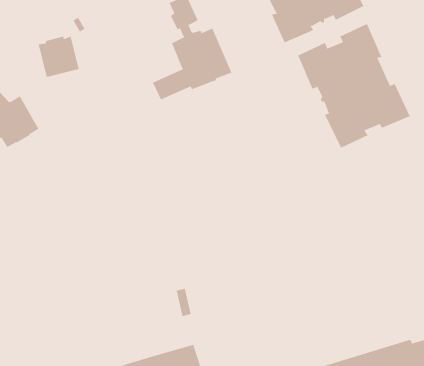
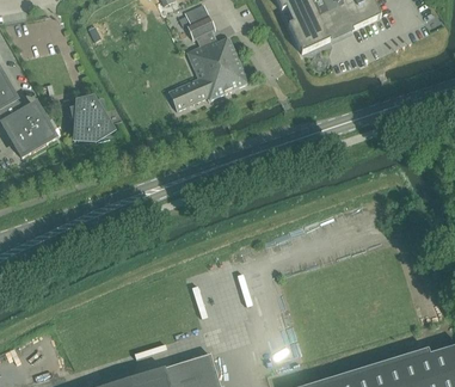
building: [297,23,411,148] -> none
building: [38,36,80,78] -> [68,98,110,140]

